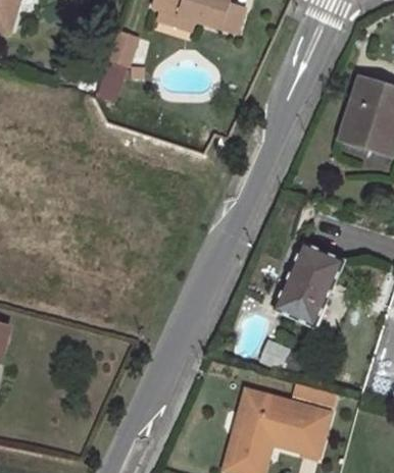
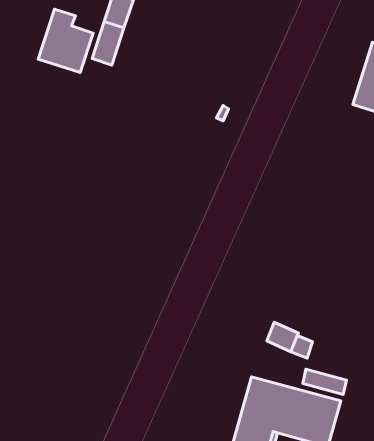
building: none -> [38,9,93,72]
building: [273,242,345,328] -> none

